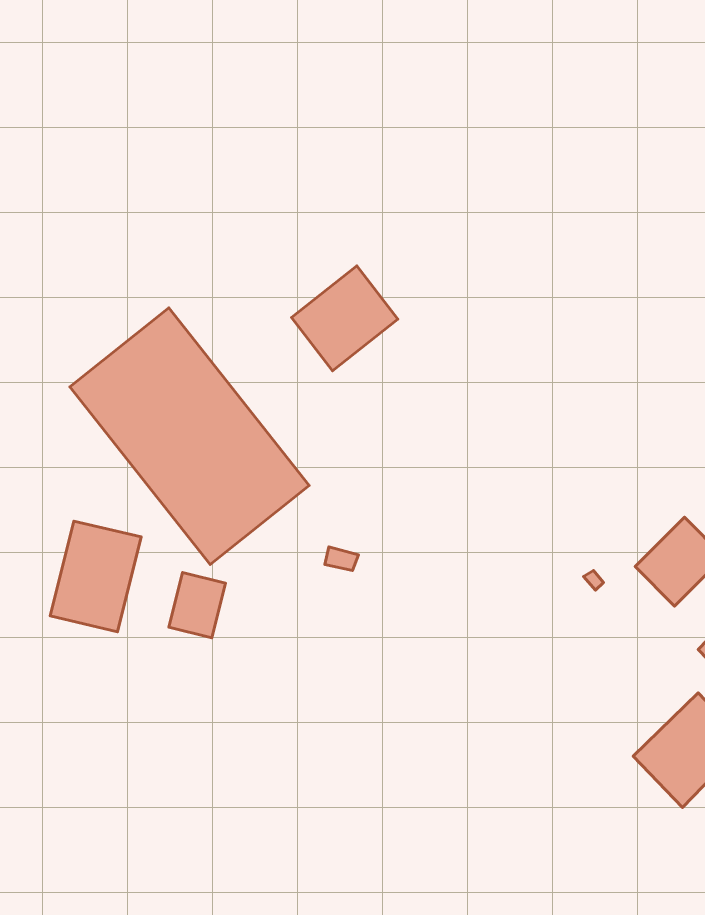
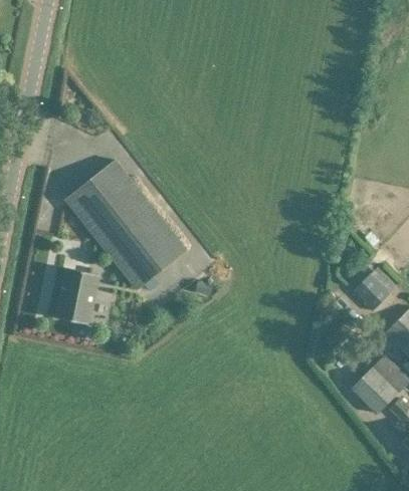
building: [291,266,398,371] -> none
building: [169,573,225,638] -> none

